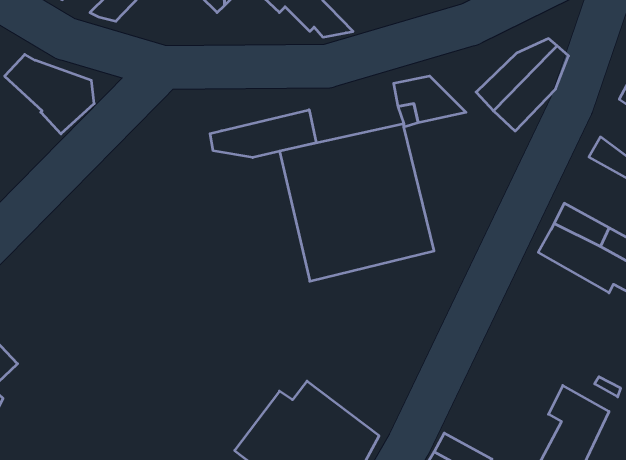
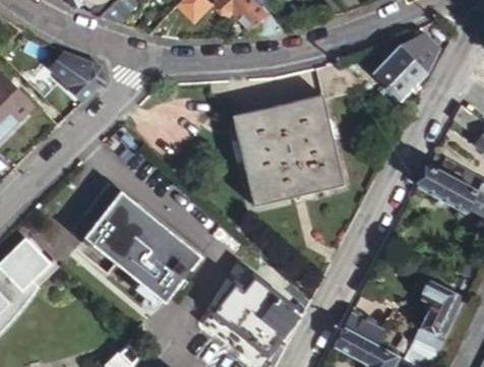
building: [210,110,316,158] -> none
building: none -> [78,189,202,304]

